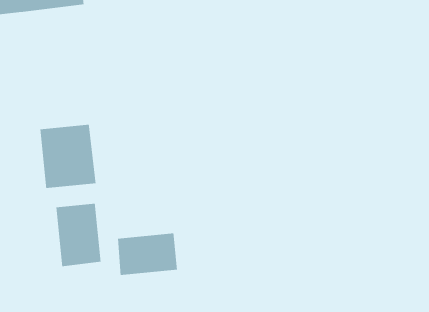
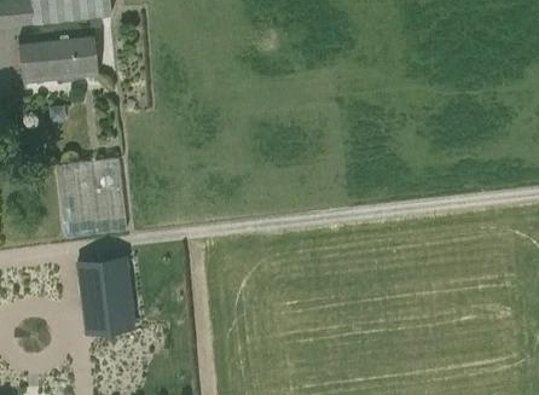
building: none -> [21,29,97,82]
building: [117,233,178,276] -> none

